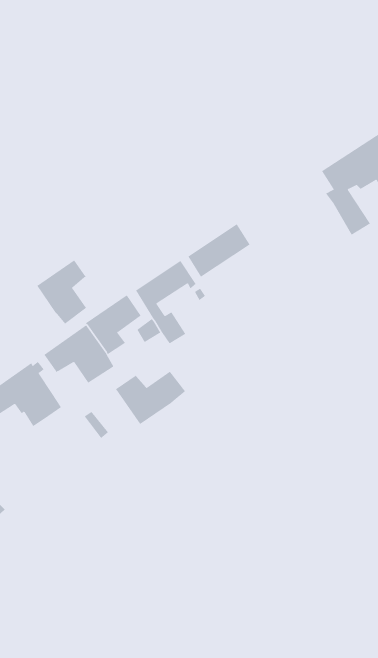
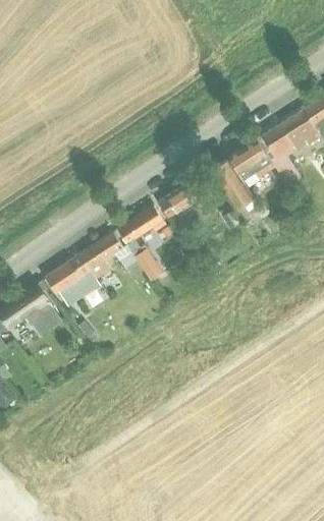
building: none -> [210,139,271,210]
building: [37,259,87,325] -> none
building: [115,371,186,425] -> none

